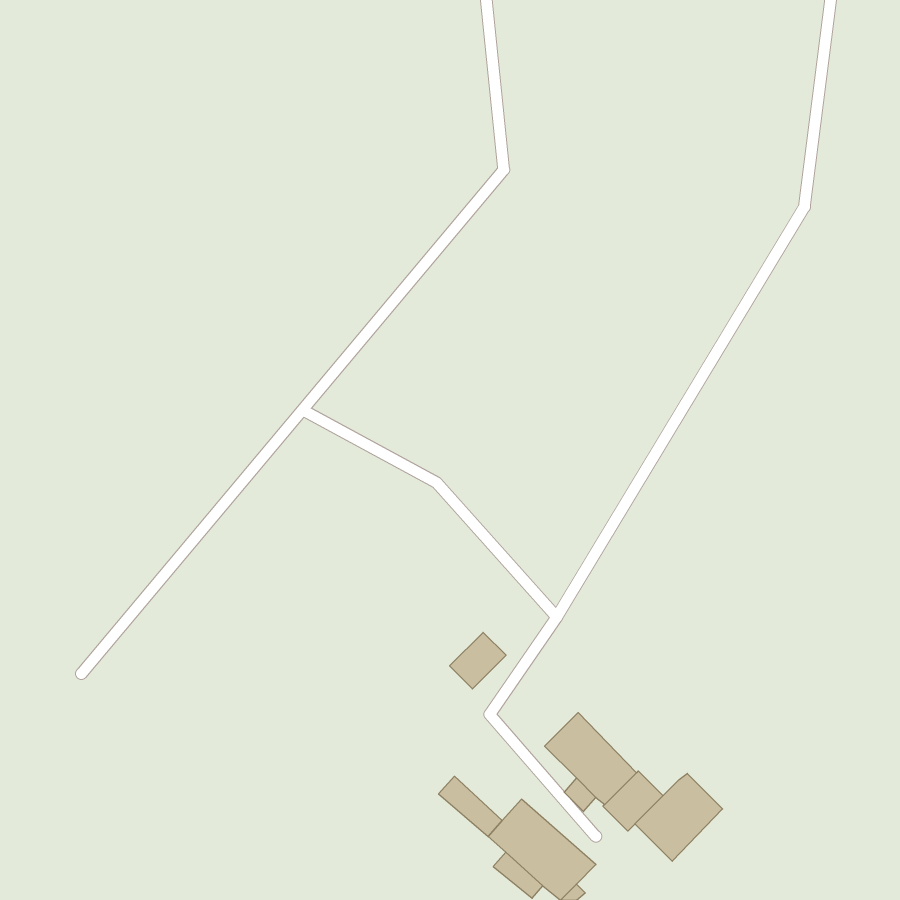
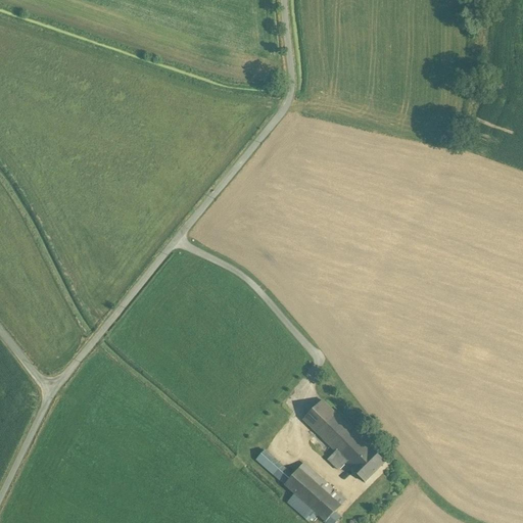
building: [450,632,506,689] -> [301,398,334,431]
building: [635,773,723,861] -> none

